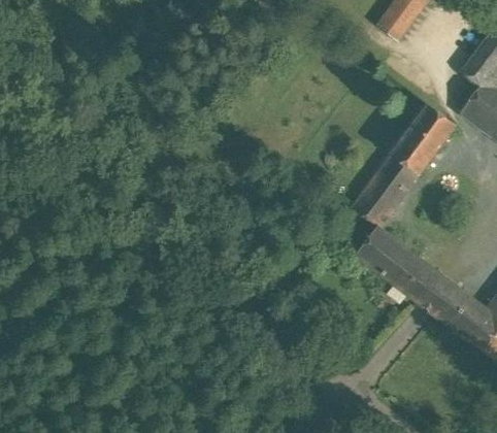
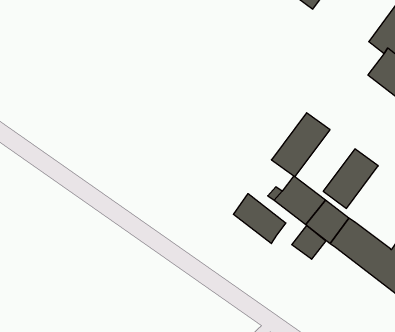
building: [392,105,455,173] -> [323,149,378,208]
building: none -> [233,194,286,244]
building: none -> [292,225,326,259]

